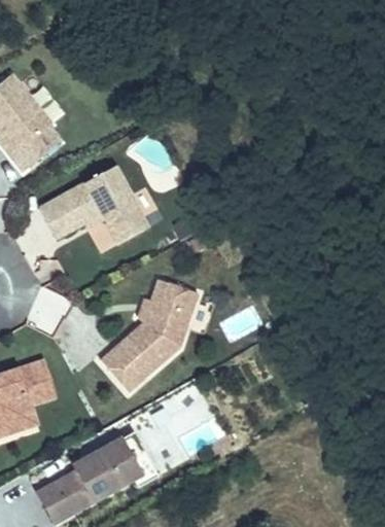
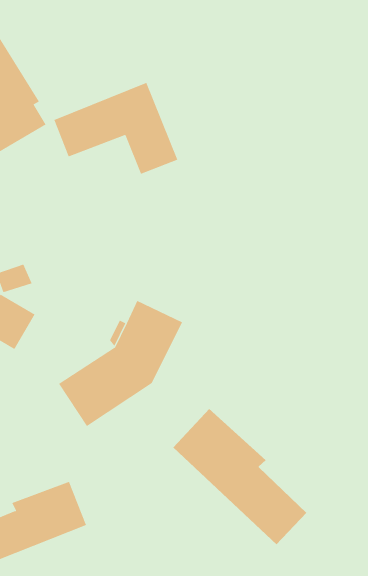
building: [40,166,149,244] -> [54,82,178,174]
building: none -> [172,408,307,545]

